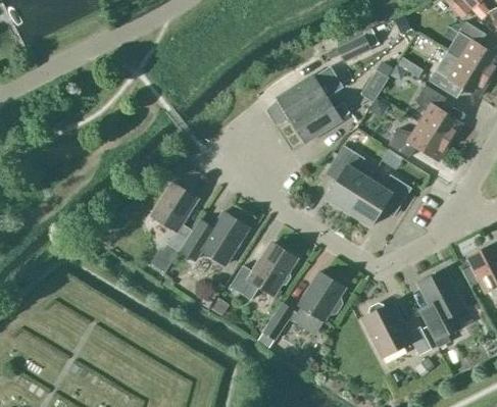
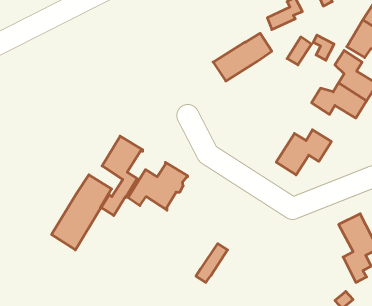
building: [291,97,349,142] -> none
building: [326,145,368,211] -> none
building: none -> [52,175,112,250]
building: [229,242,296,299] -> none
building: [290,271,344,335] -> none
building: [361,302,431,357] -> none

